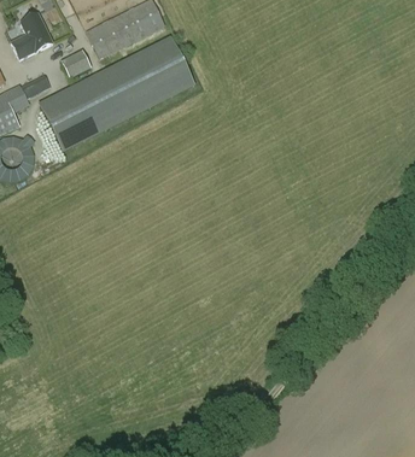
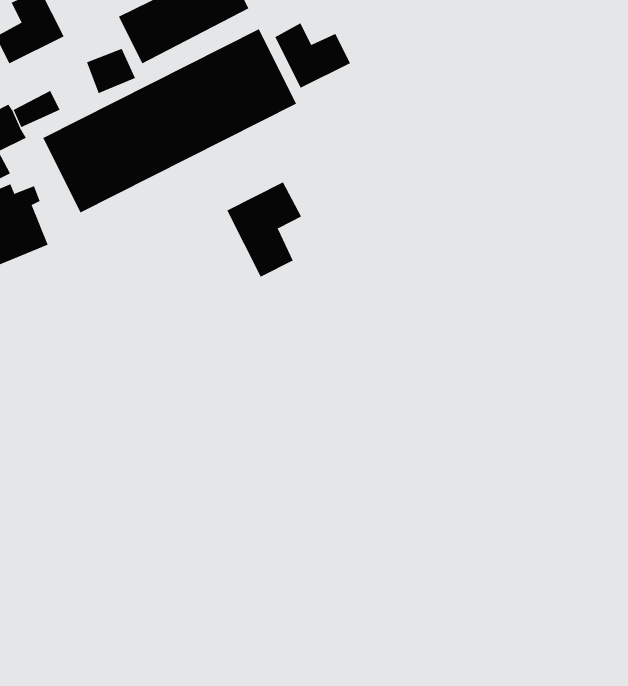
building: none -> [274,22,351,89]
building: none -> [227,182,302,278]

